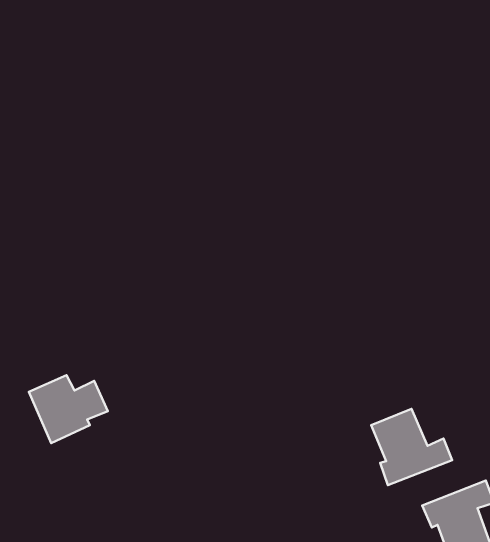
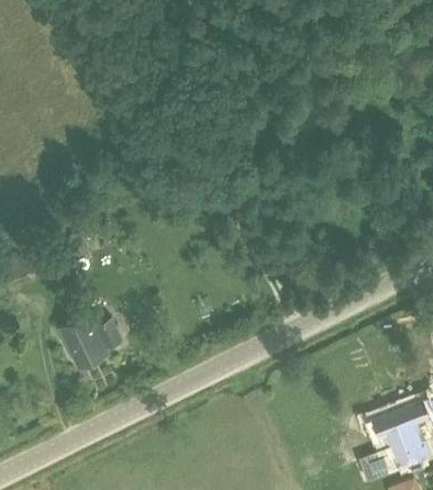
building: [371,409,452,485] -> none

